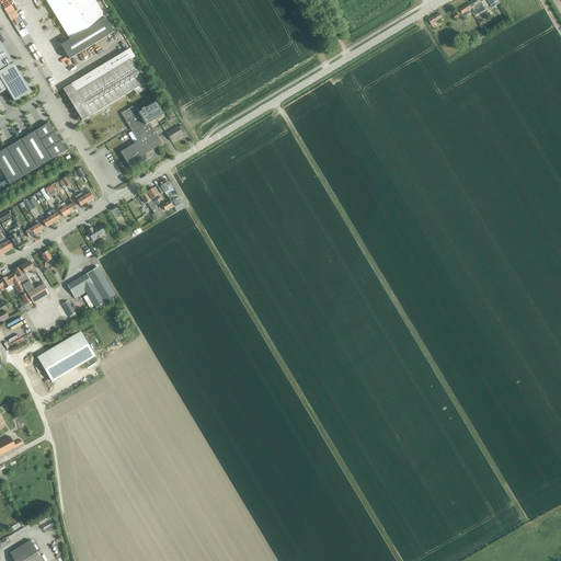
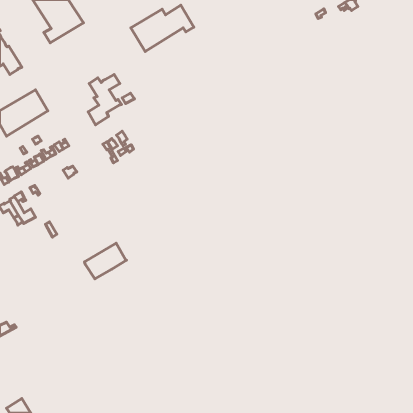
building: [61,58,147,121] -> [131,5,194,51]
building: [66,266,114,308] -> none
building: [37,332,94,380] -> [84,243,127,279]

